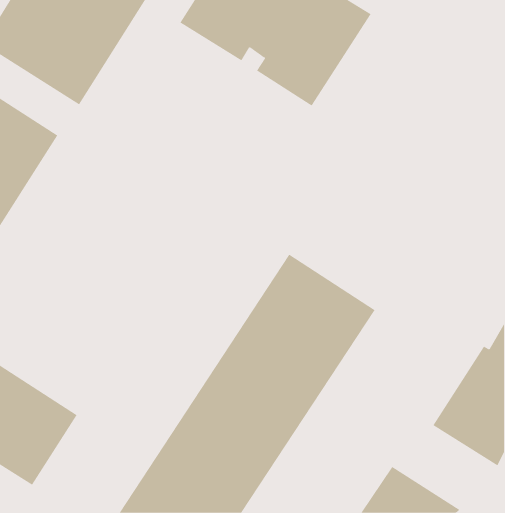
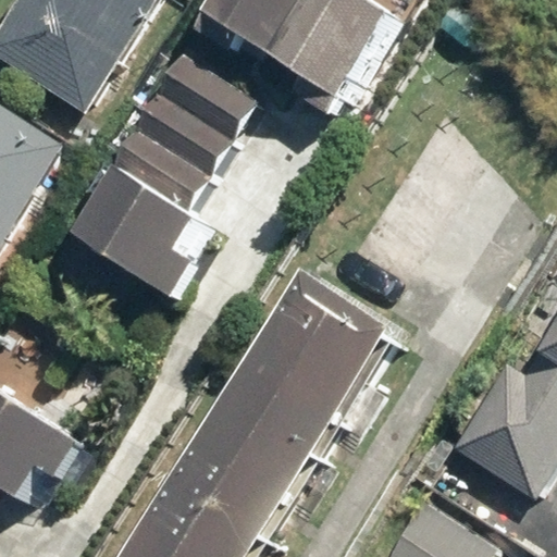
building: none -> [76,50,253,297]

